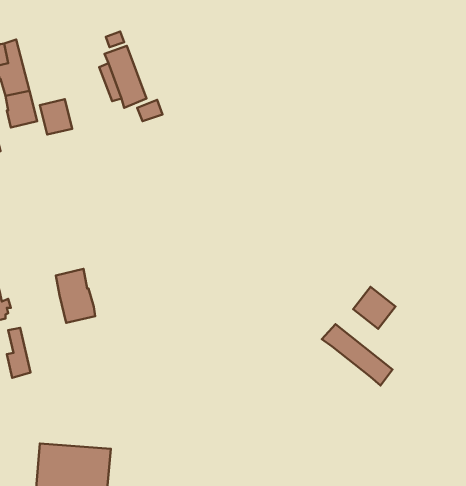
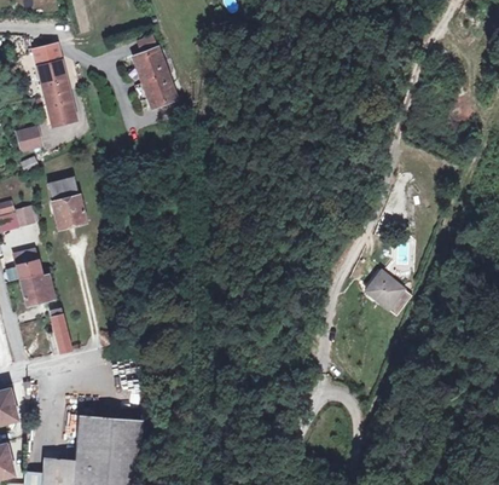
building: [40,99,72,134] -> none
building: [56,269,95,323] -> [48,178,85,227]
building: [322,324,392,385] -> none

